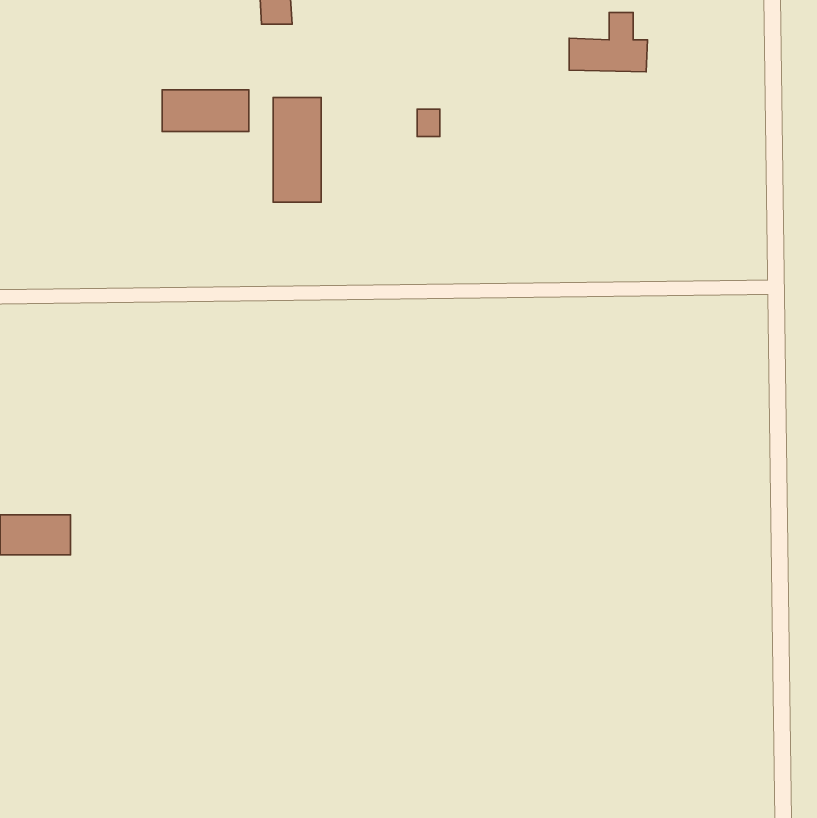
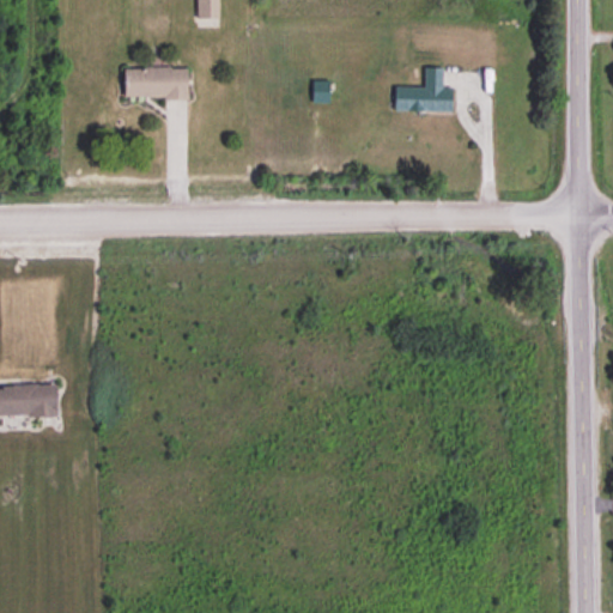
building: [569,12,648,72] -> [395,67,454,111]
building: [273,98,321,202] -> none

